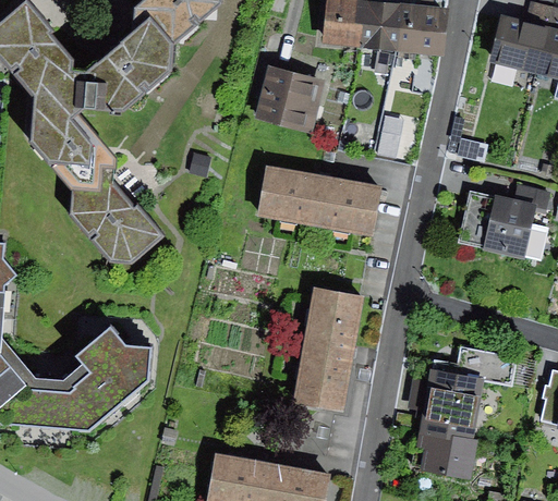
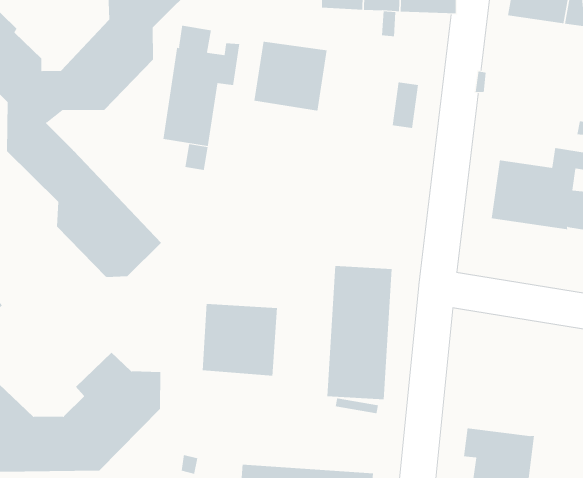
building: none -> [163,25,240,147]
building: [258,155,384,224] -> none
building: none -> [202,303,277,376]
building: [418,347,518,438] -> none

